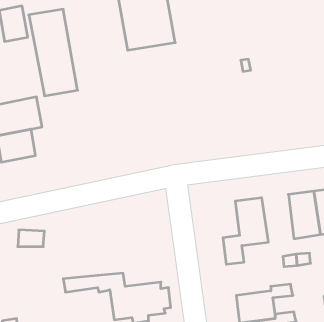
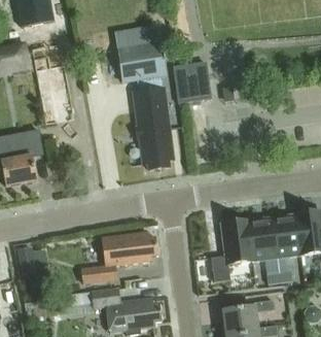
building: none -> [174,63,210,103]
building: none -> [135,89,172,169]
building: none -> [246,216,276,261]
building: none -> [81,233,156,283]

